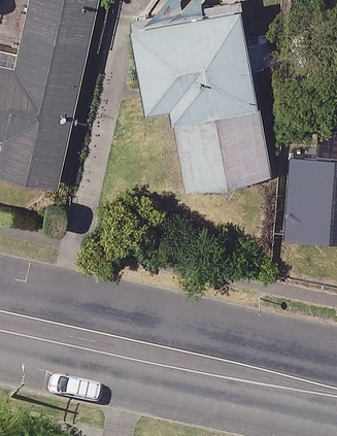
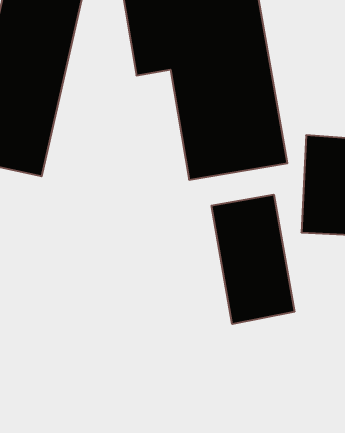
building: none -> [212,195,294,324]

